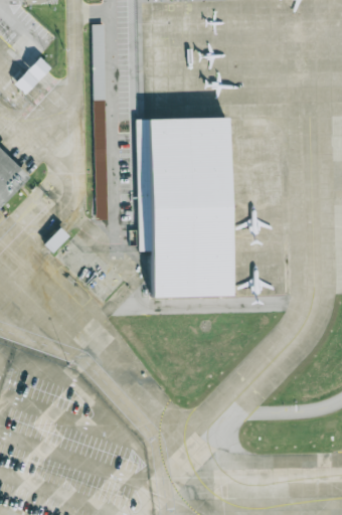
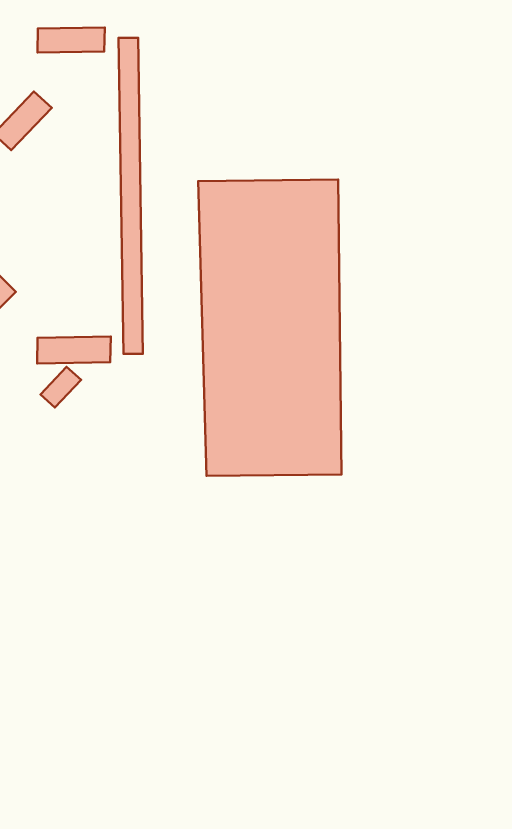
building: none -> [37,27,105,52]
building: none -> [37,337,111,363]

